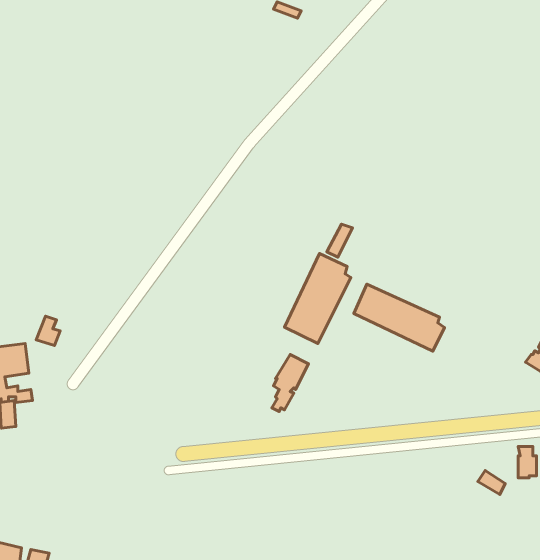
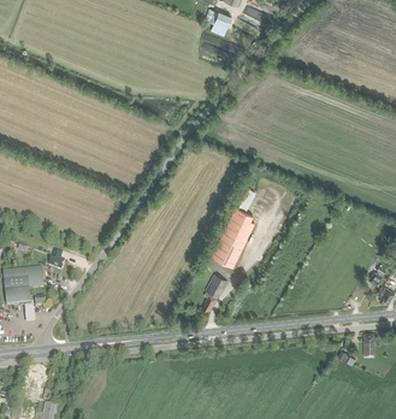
building: [354,284,445,351] -> none

